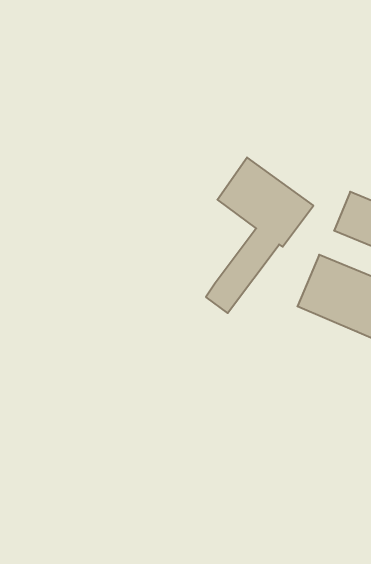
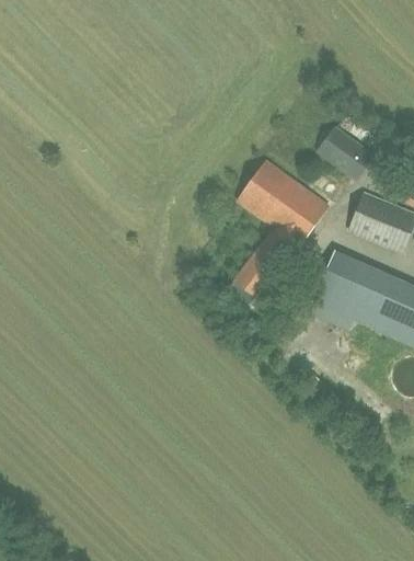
building: none -> [315,124,376,181]

